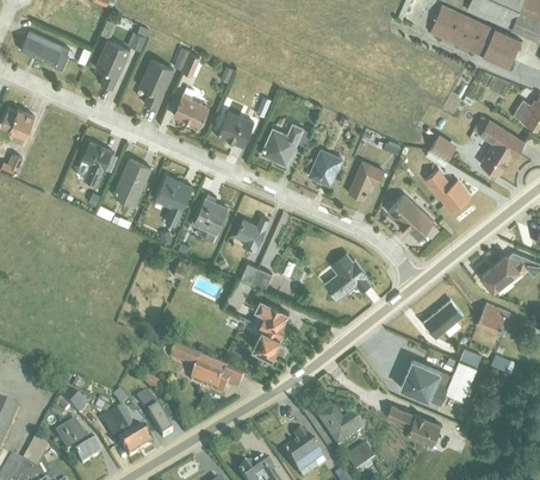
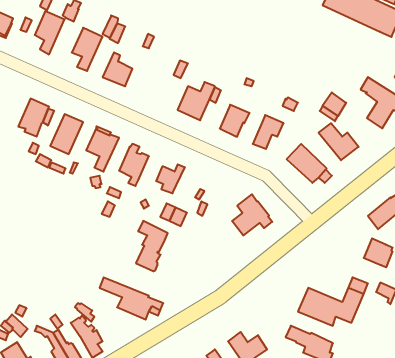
building: [216,108,254,145] -> none
building: [250,298,287,356] -> [136,221,168,271]
building: [422,299,463,337] -> none

